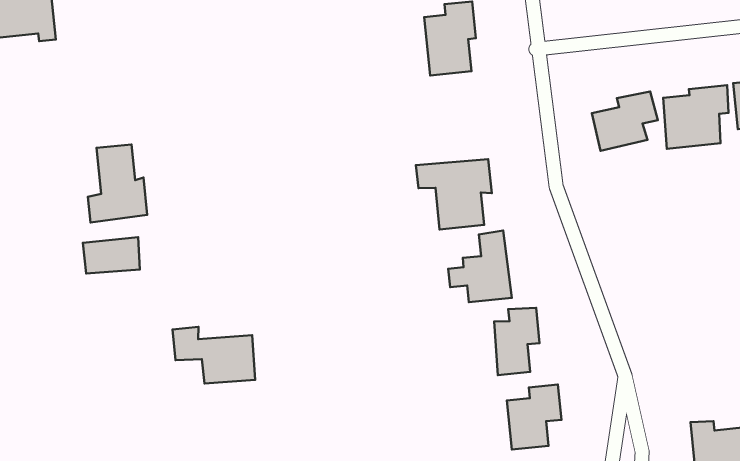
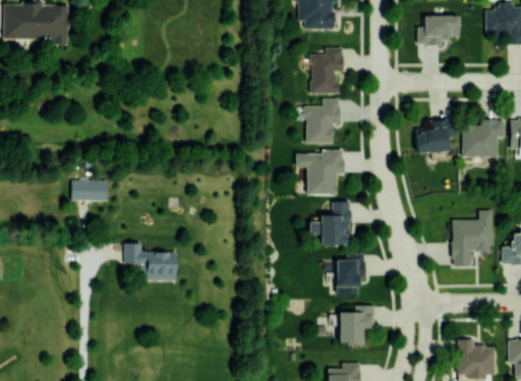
building: none -> [305,98,341,143]
building: [88,144,147,223] -> none
building: none -> [452,210,494,265]

